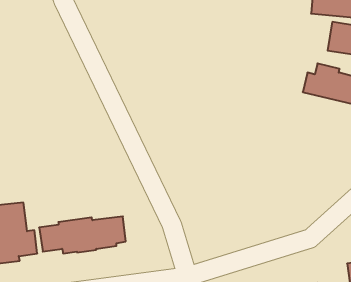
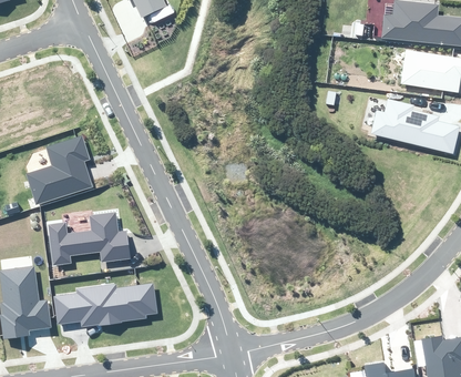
building: none -> [31,134,93,201]
building: none -> [47,215,135,265]

